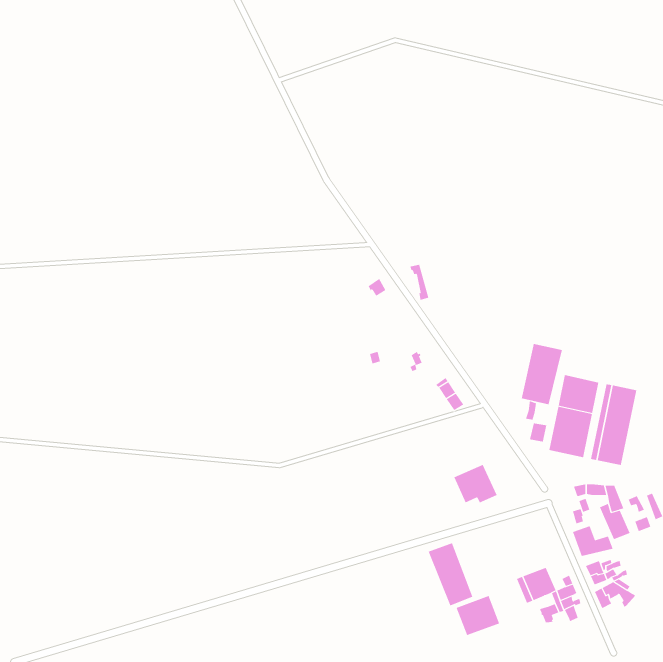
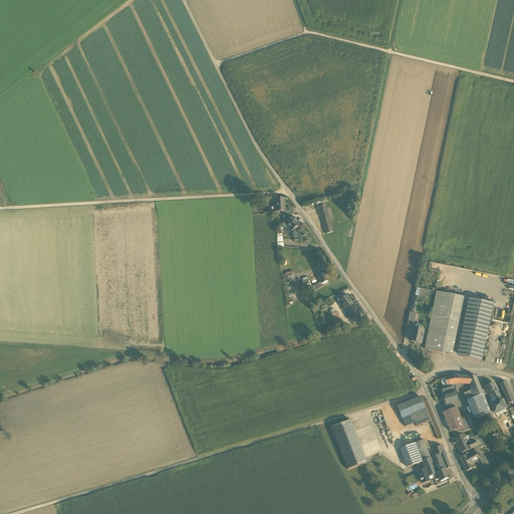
building: [521,343,562,405] -> none
building: [453,464,498,503] -> [396,395,430,425]
building: [456,595,500,636] -> none

